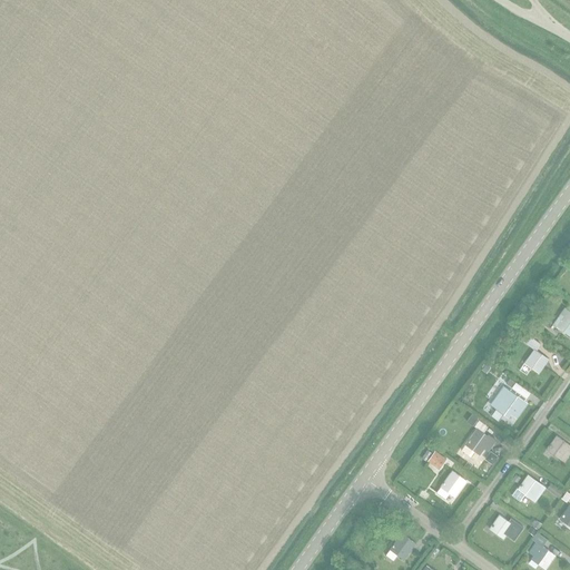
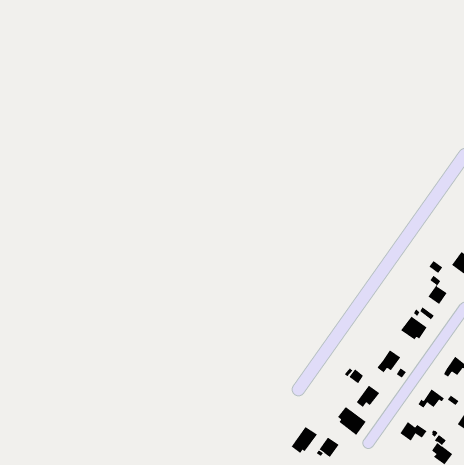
building: none -> [337,406,366,436]
building: none -> [291,426,318,454]

